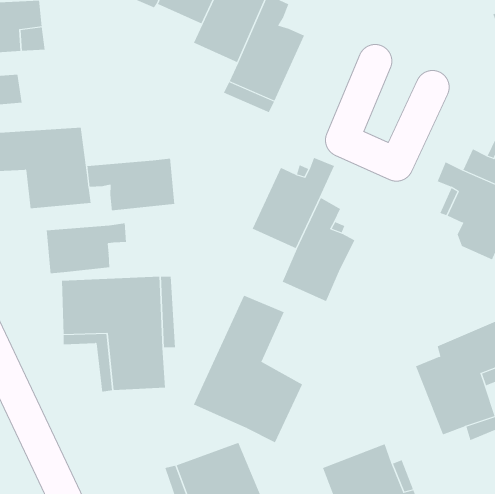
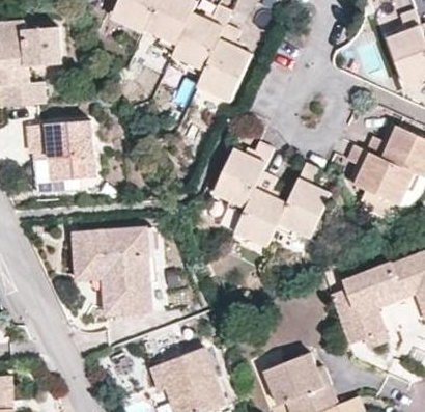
building: [87,158,175,211] -> none
building: none -> [277,163,330,238]
building: [46,223,127,274] -> none
building: [193,295,303,443] -> none

